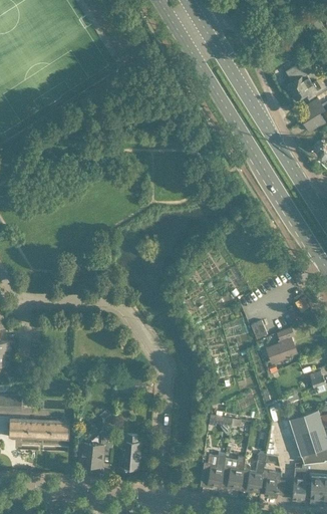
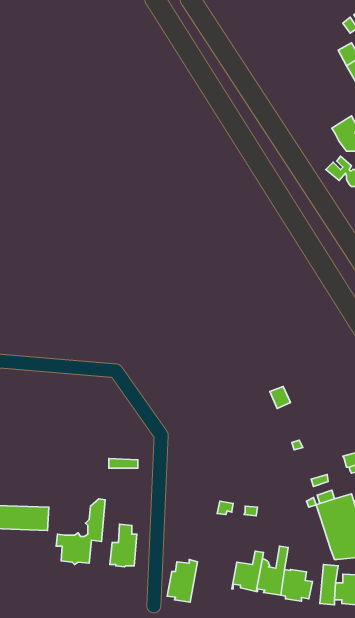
building: [286,65,316,101] -> none
building: [267,329,297,364] -> none
building: [201,454,226,489] -> [167,559,198,602]

